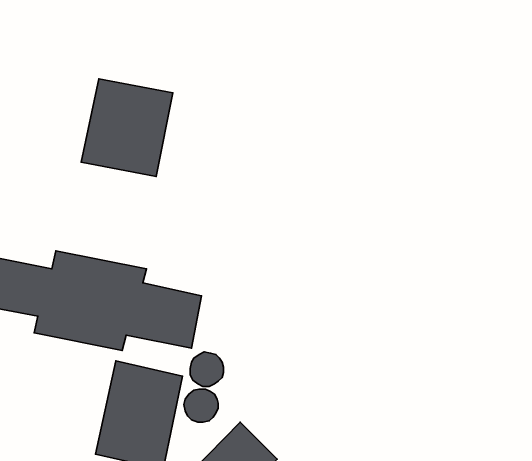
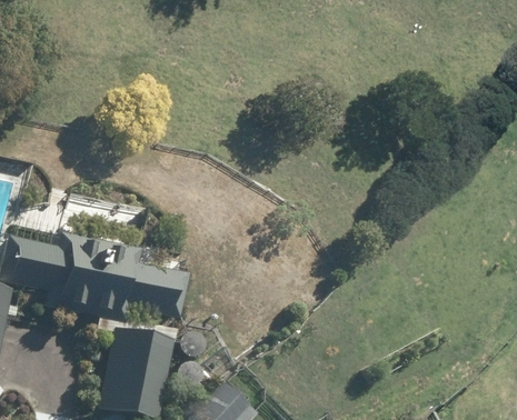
building: [81,79,173,177] -> none

